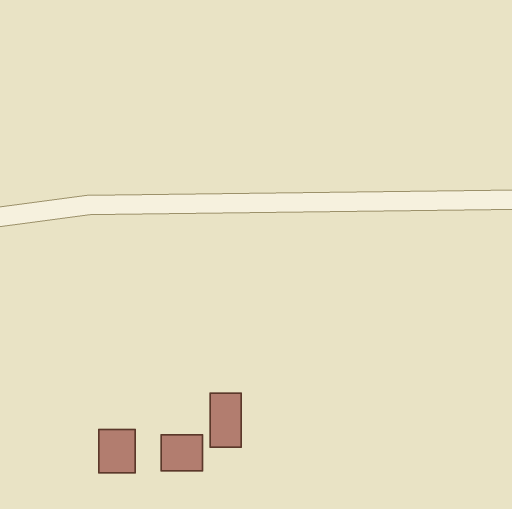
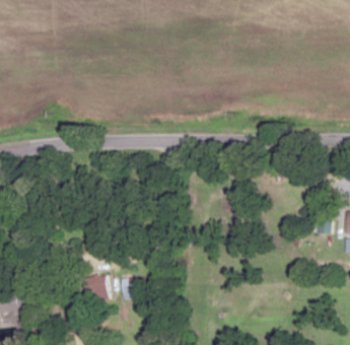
building: [210,393,241,447] -> none

